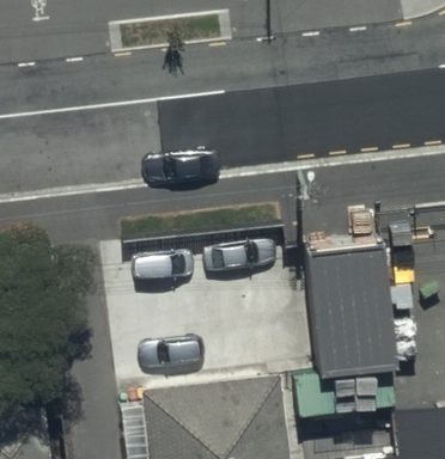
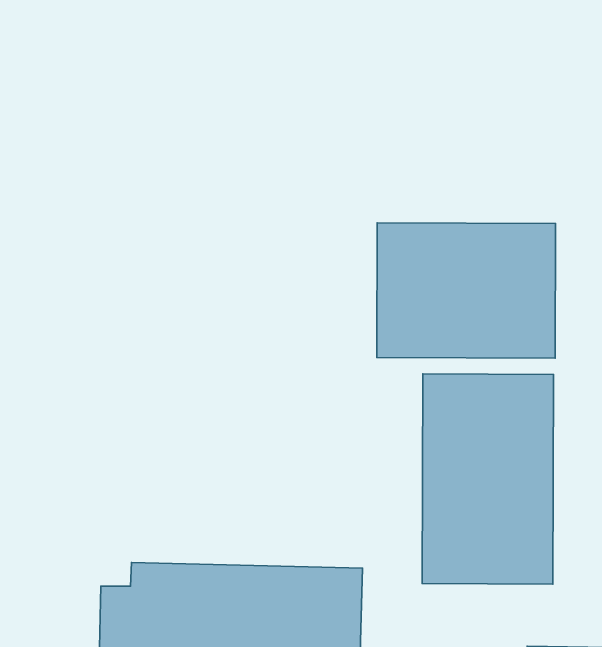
building: none -> [377,223,556,358]

